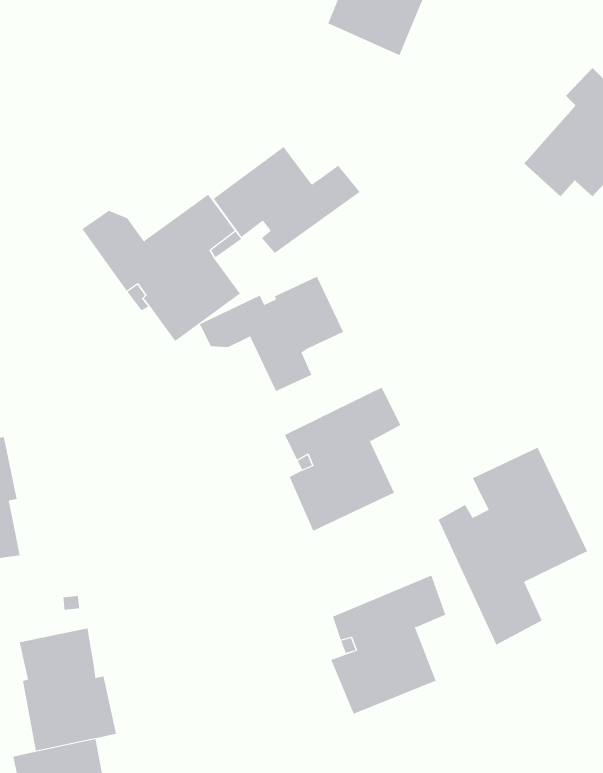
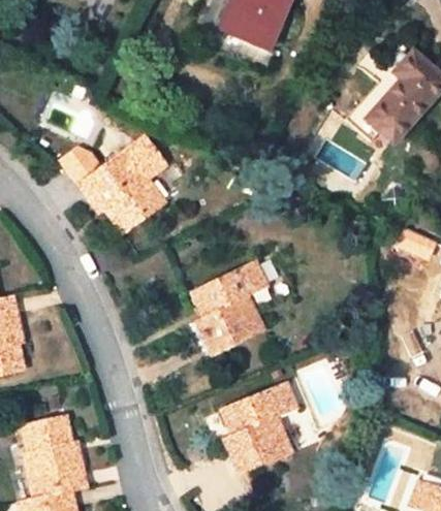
building: [213,146,360,254] -> none
building: [199,276,344,392] -> none
building: [438,447,588,645] -> none

